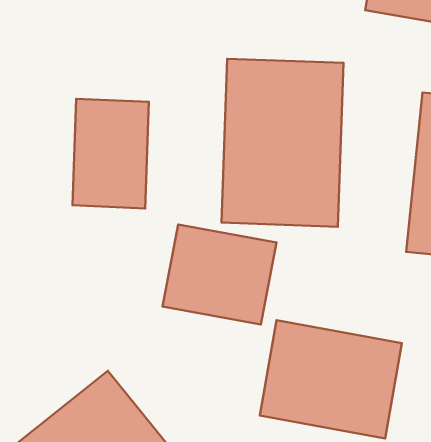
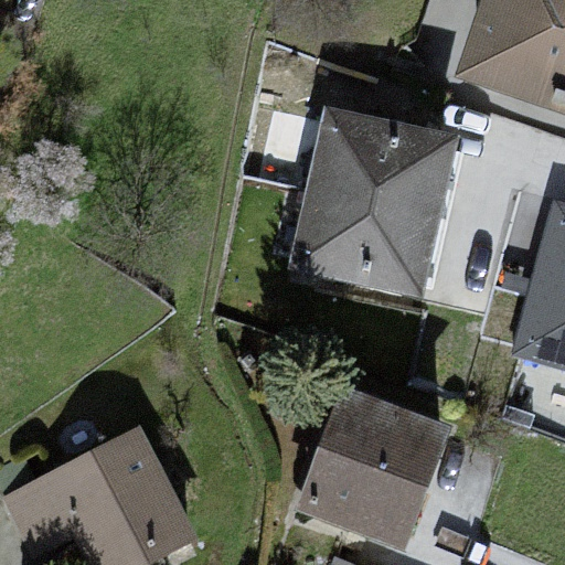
building: [73,99,149,208] -> none
building: [162,224,276,325] -> none

